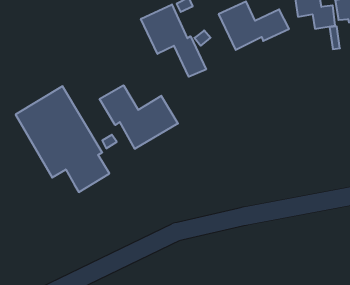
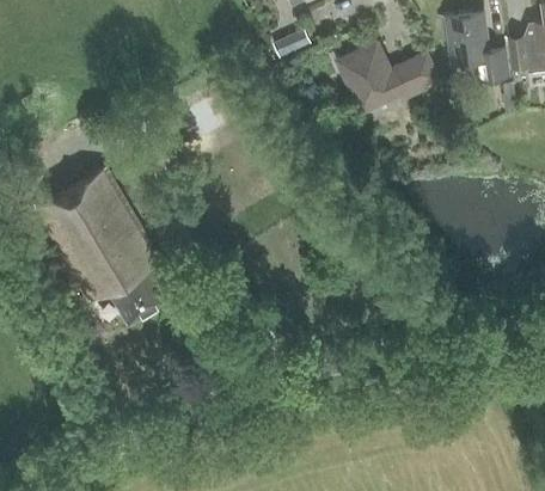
building: [141,4,206,77] -> none
building: [100,85,178,149] -> none

